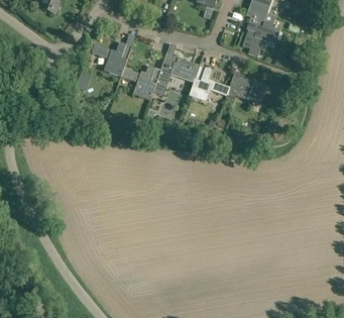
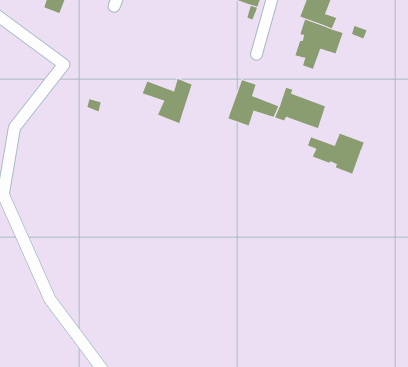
building: [91,40,131,76] -> none
building: [153,51,200,95] -> none
building: none -> [307,133,364,174]

